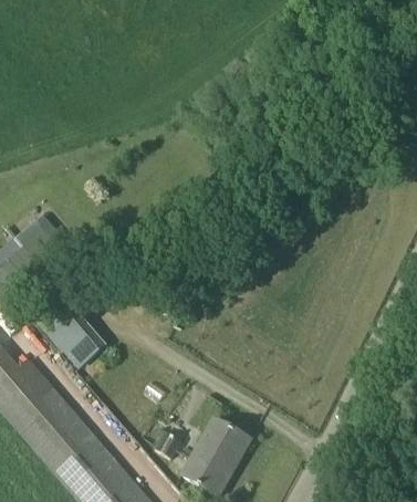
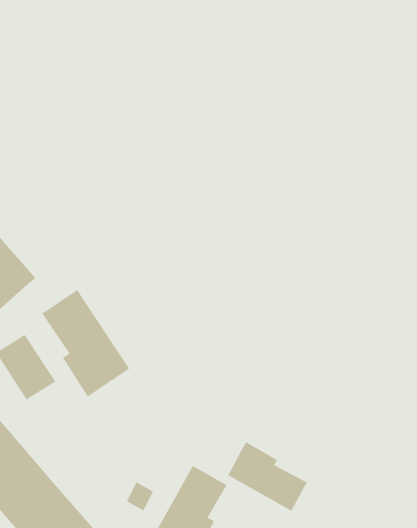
building: none -> [42,289,130,397]
building: none -> [227,441,307,511]

